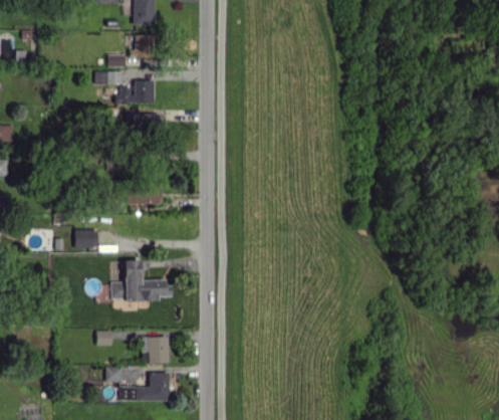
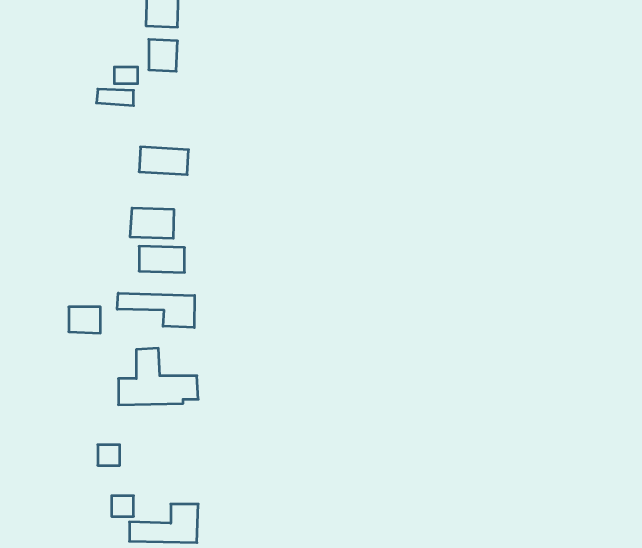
building: [117,80,155,104] -> none
building: none -> [130,208,174,238]
building: none -> [117,293,195,328]
building: [142,337,169,364] -> none

